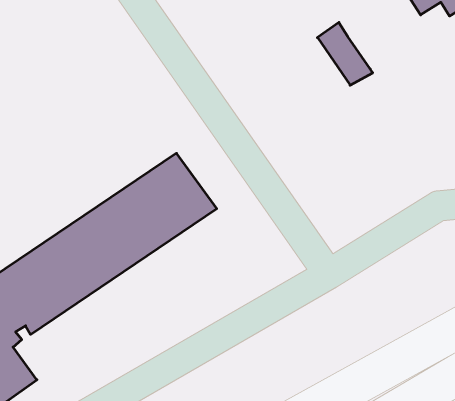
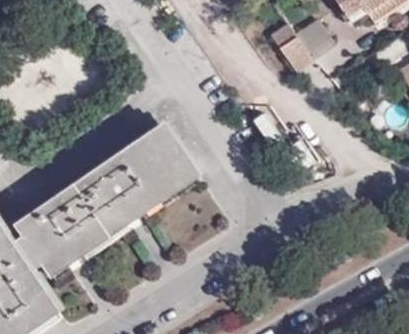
building: none -> [295,24,335,63]

